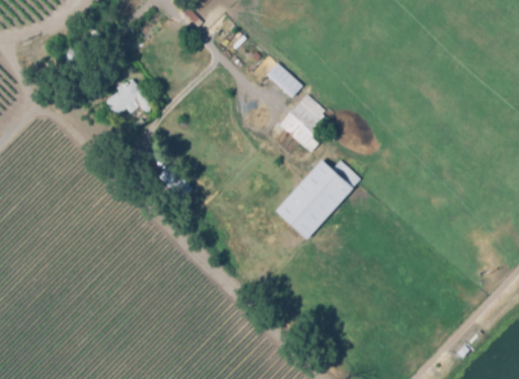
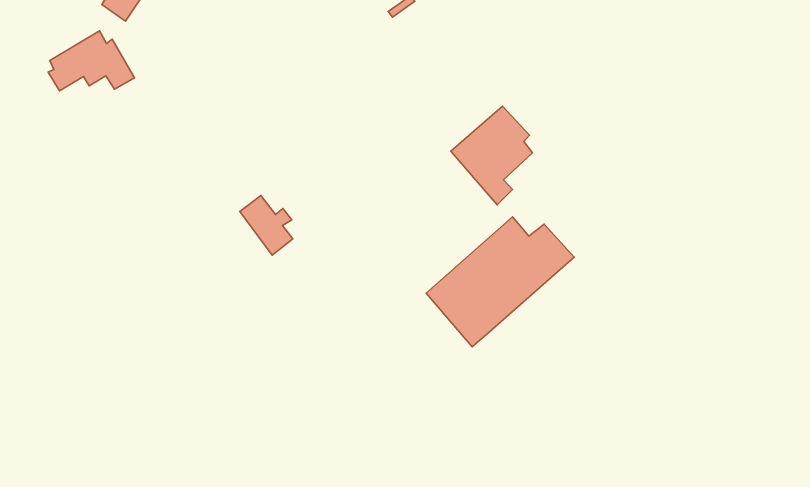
building: [267,63,302,97] -> none
building: [104,79,156,118] -> [48,31,135,91]

